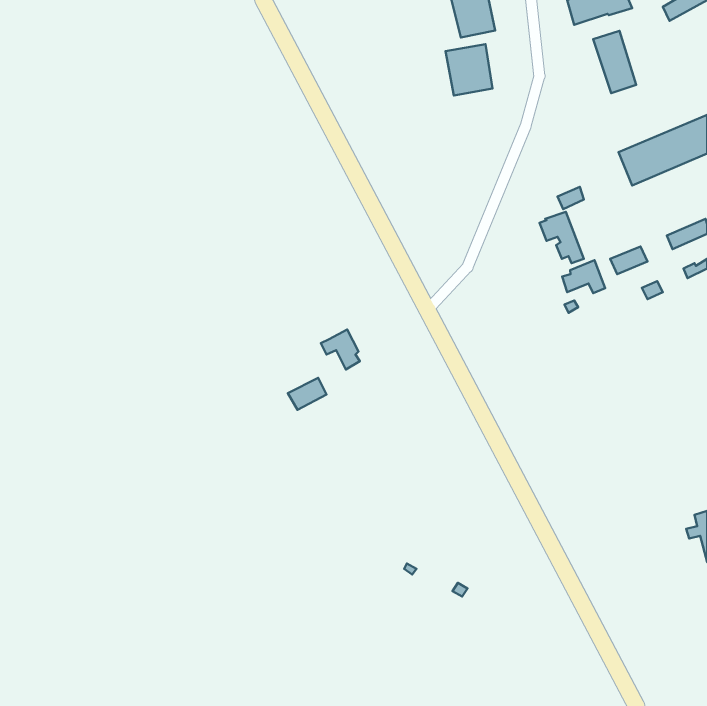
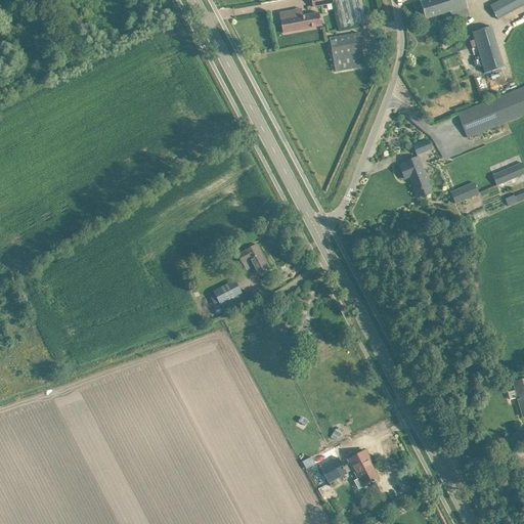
building: none -> [279,9,321,32]
building: [593,31,636,93] -> [472,26,504,72]
building: [562,260,605,293] -> none
building: none -> [319,449,378,488]

